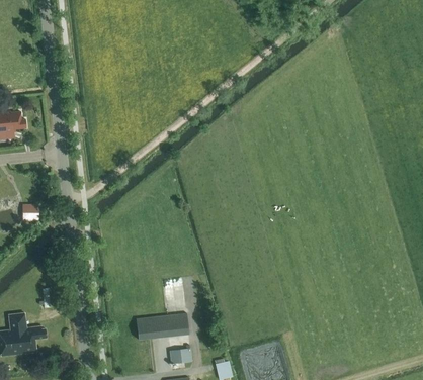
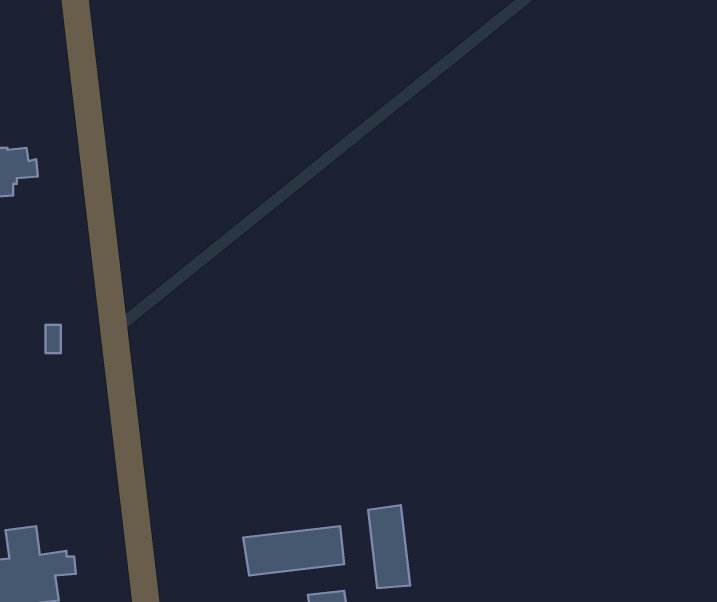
building: none -> [368,505,410,588]

